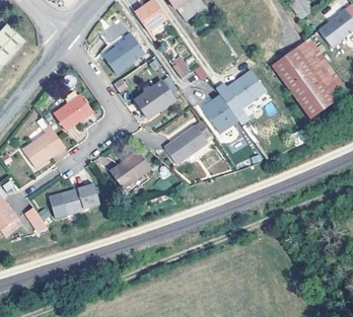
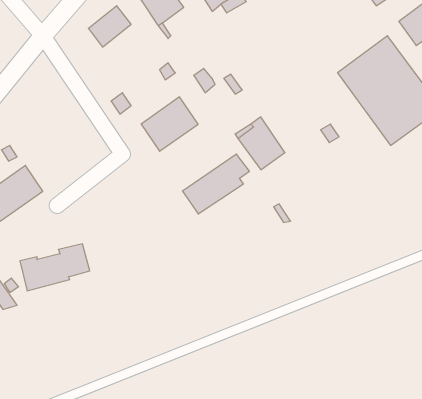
building: [102,31,144,72] -> none
building: [214,69,265,117] -> none
building: [53,94,92,131] -> none
building: [110,151,150,188] -> none

